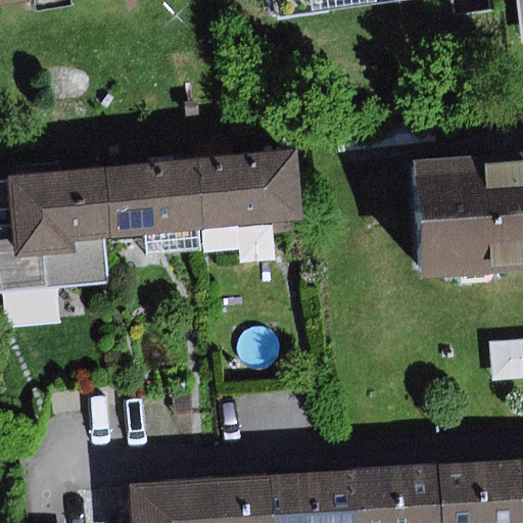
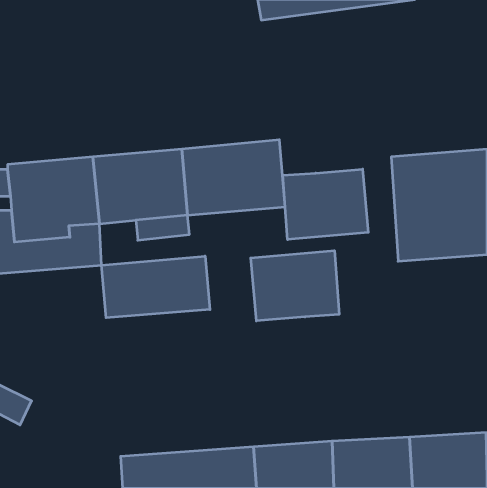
building: none -> [283,169,368,240]
building: none -> [251,251,339,321]
building: none -> [101,256,210,318]

